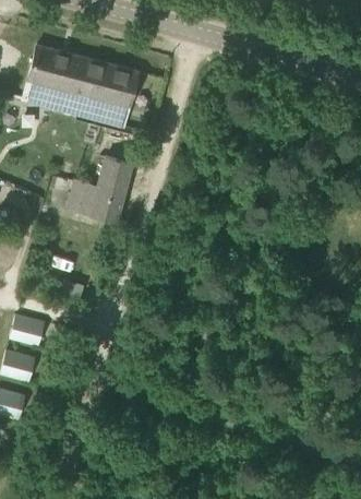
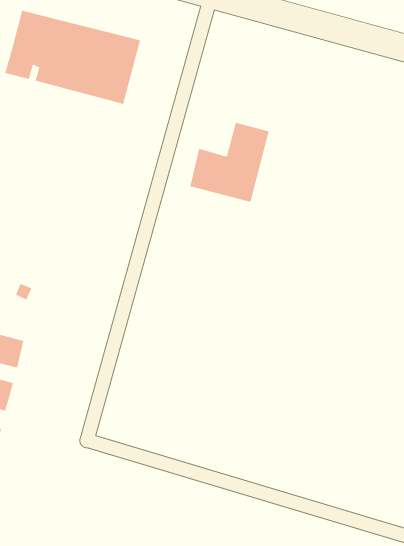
building: [67,156,133,223] -> [189,122,269,202]

